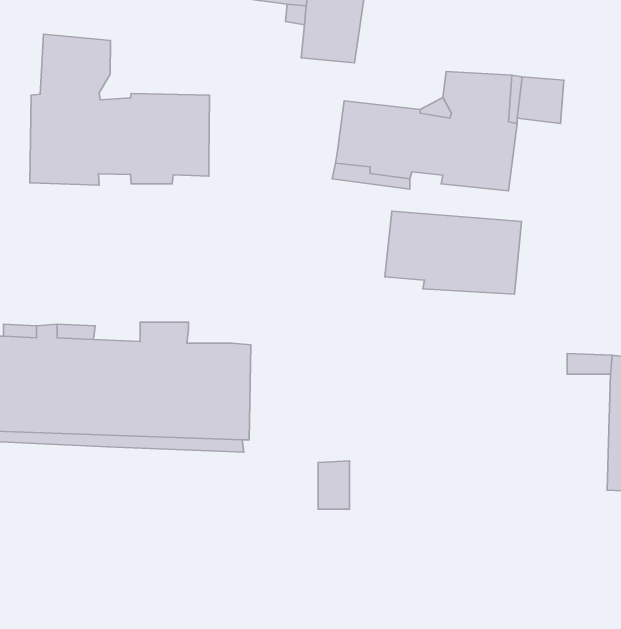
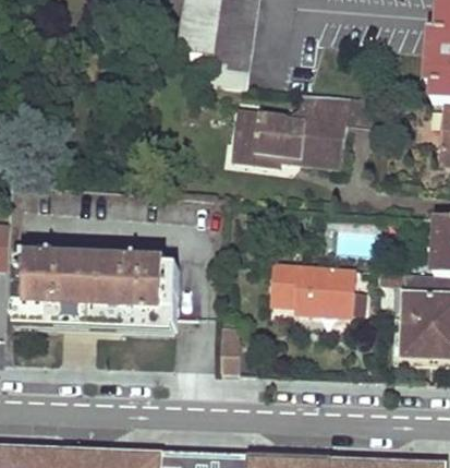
building: [30,34,209,185] -> none
building: [385,211,521,294] -> [271,262,357,314]

